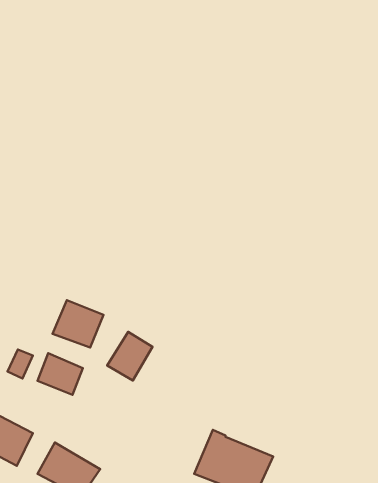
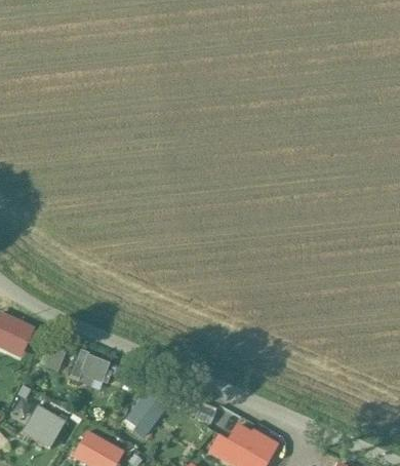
building: [53,300,104,347] -> none
building: [107,332,153,380] -> [124,392,164,435]

